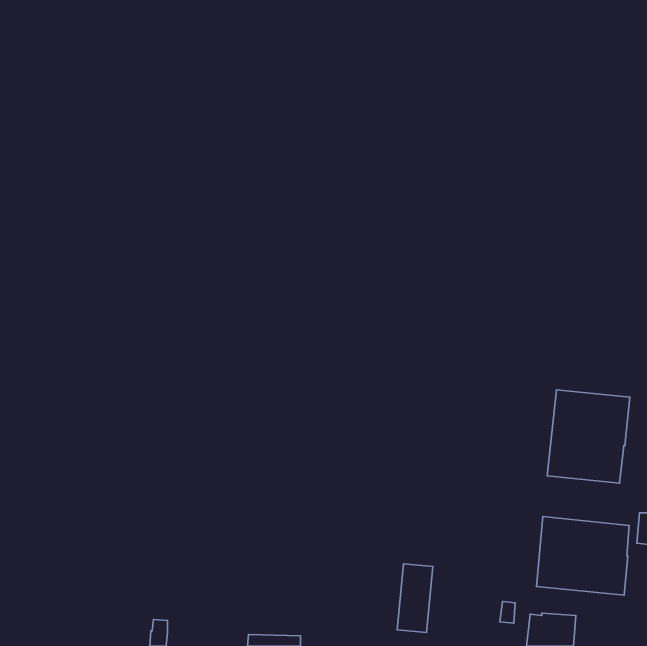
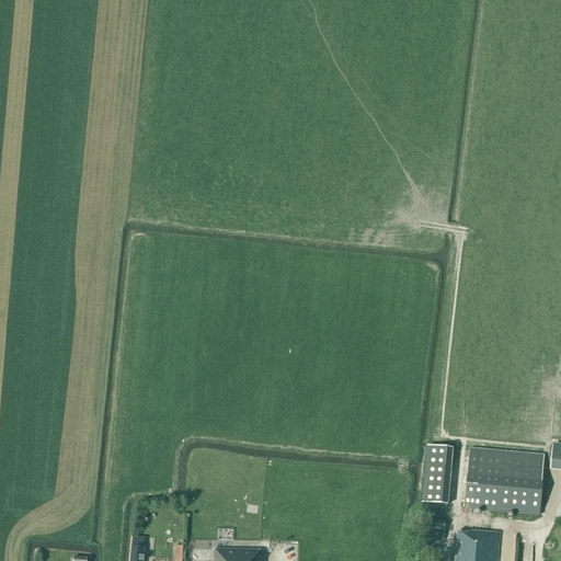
building: [547,390,630,483] -> none
building: [397,564,433,633] -> [423,445,454,504]

